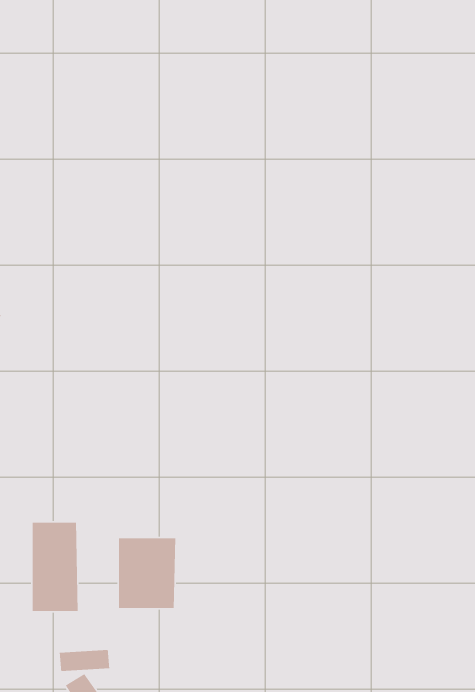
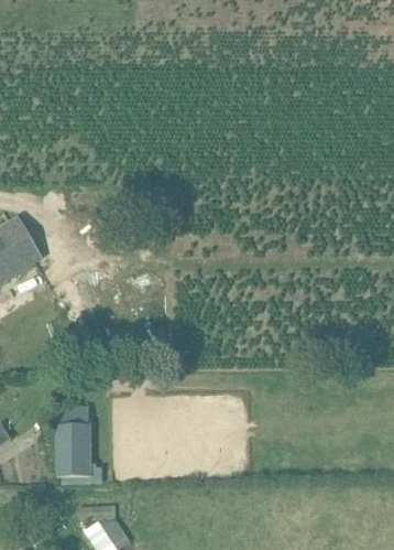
building: [118,537,176,609] -> none

